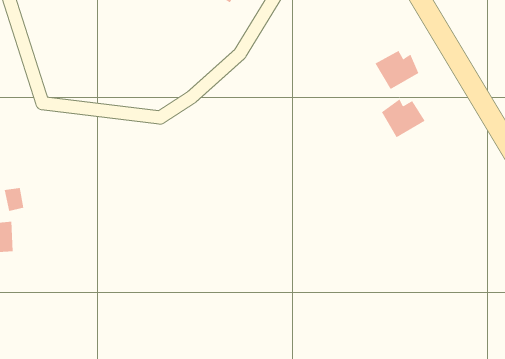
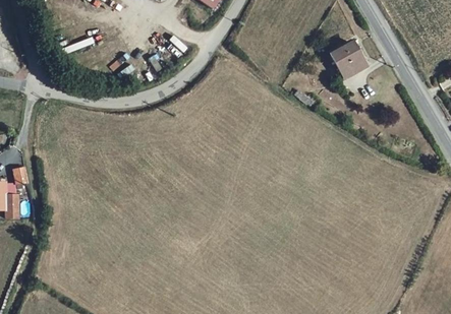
building: [381,98,425,138] -> none

